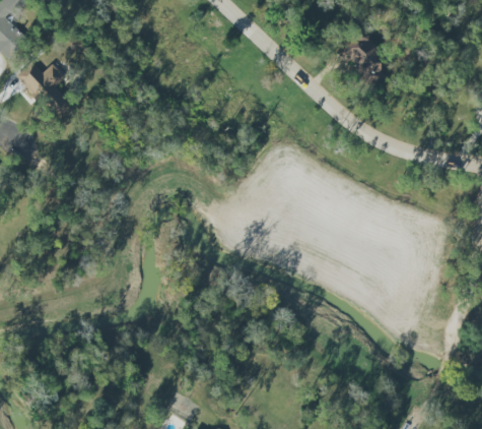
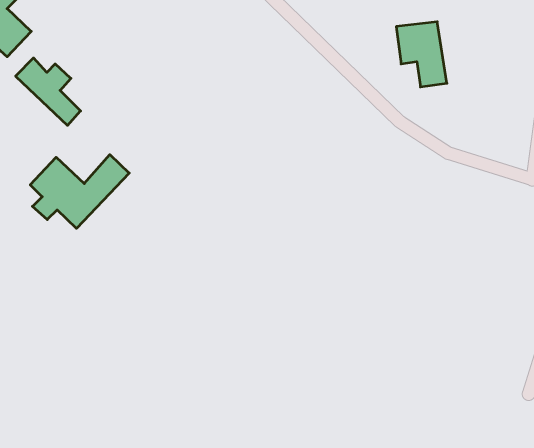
building: none -> [30,155,129,228]

